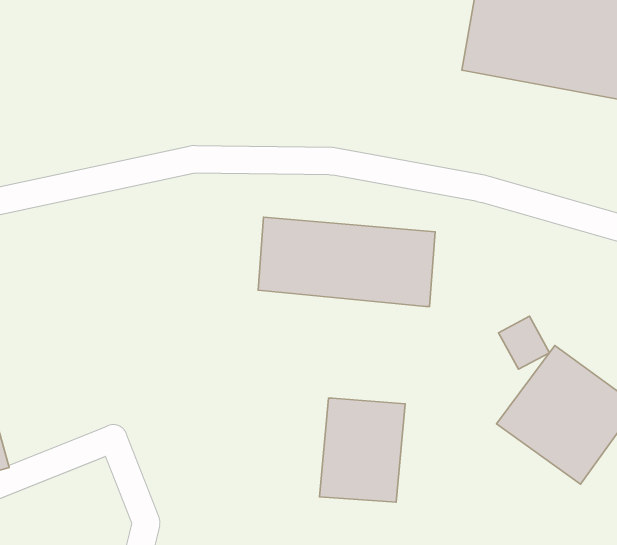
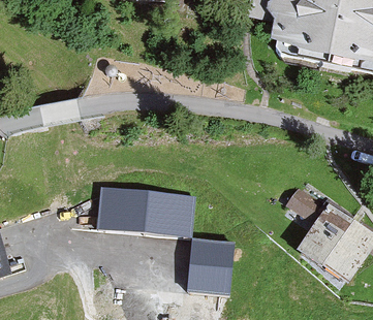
building: [258,217,435,306] -> [100,186,200,236]

